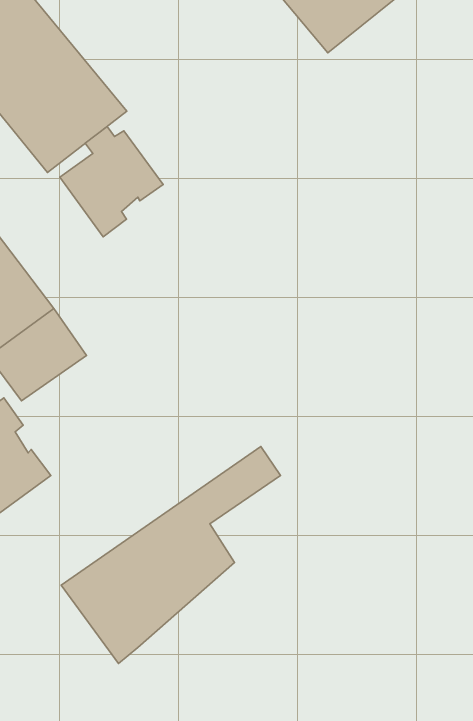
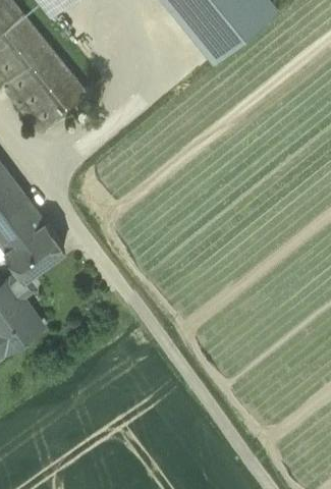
building: [60,127,163,237] -> none
building: [61,446,280,664] -> none

